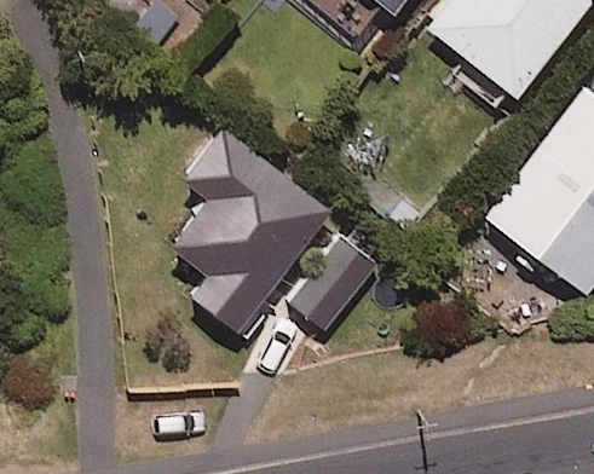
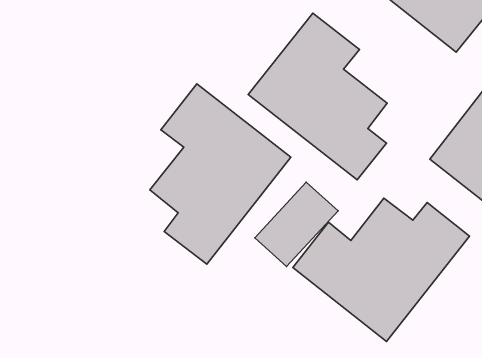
building: none -> [248,13,387,180]
building: none -> [293,198,469,341]

